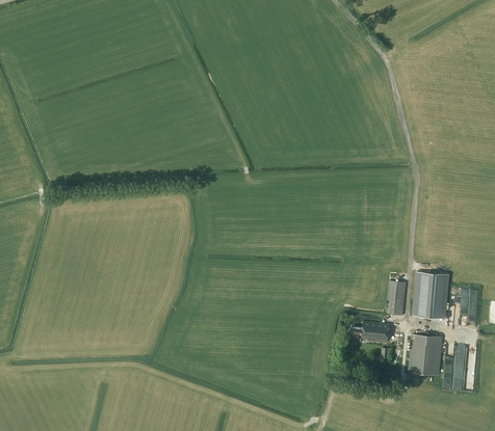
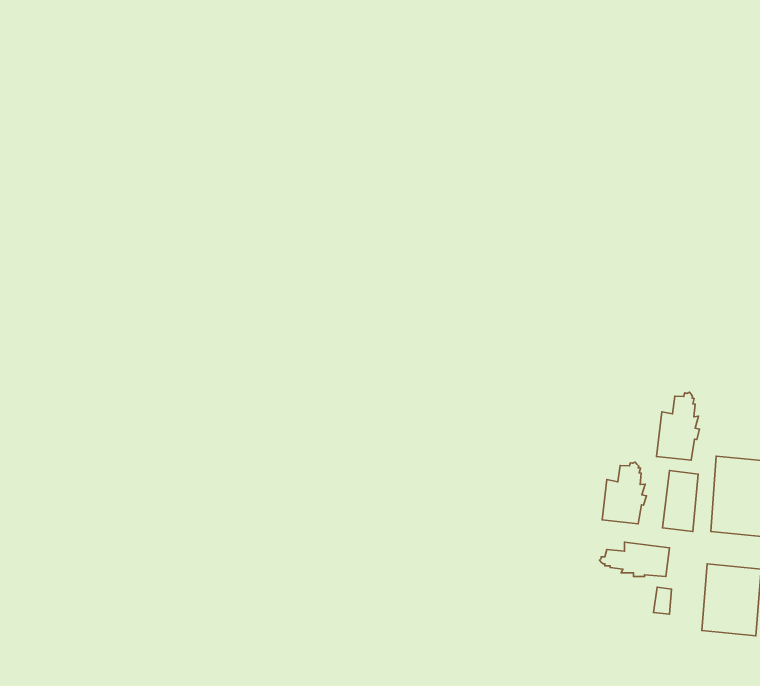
building: none -> [657,392,700,460]
building: none -> [602,462,646,524]

